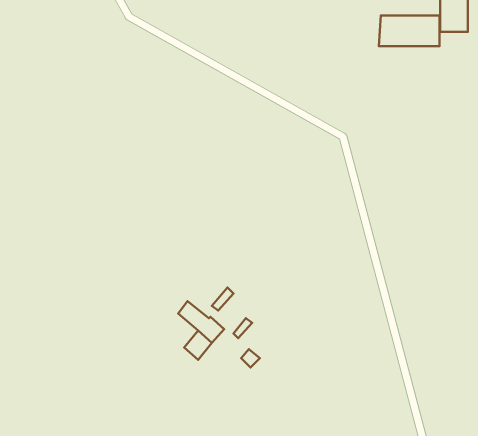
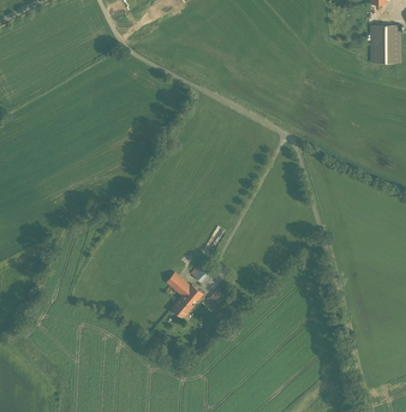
building: [379,16,440,46] -> none

